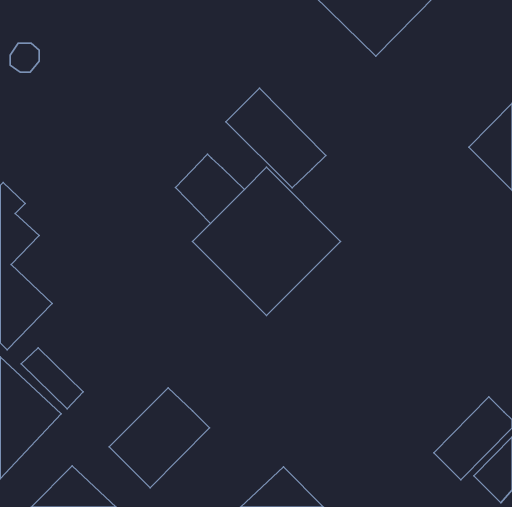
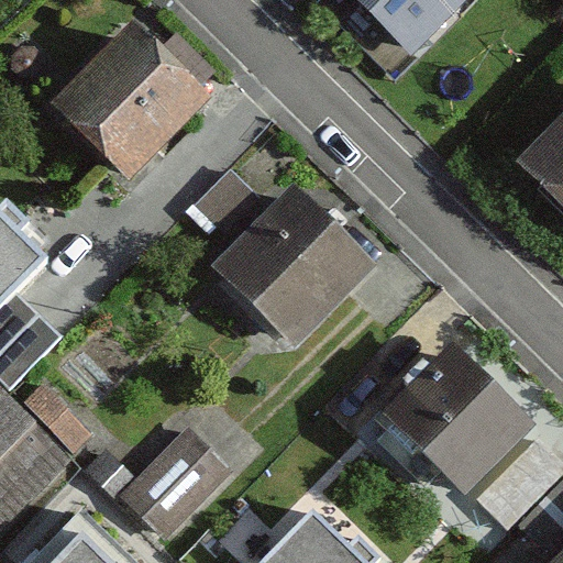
building: none -> [54,31,211,191]
building: [226,88,326,188] -> none
building: none -> [380,346,530,494]

